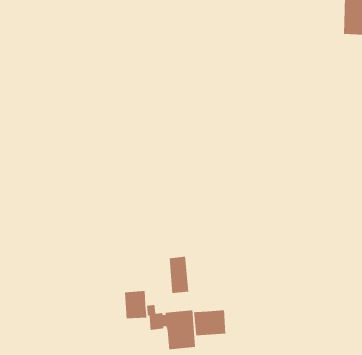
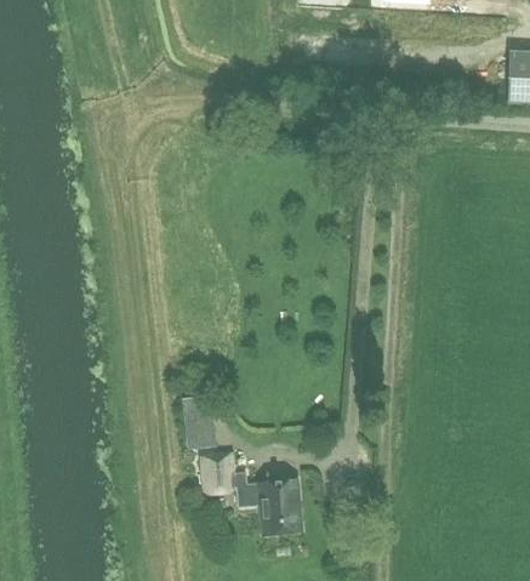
building: [169,256,189,294] -> [186,397,213,448]
building: [193,309,226,336] -> none

